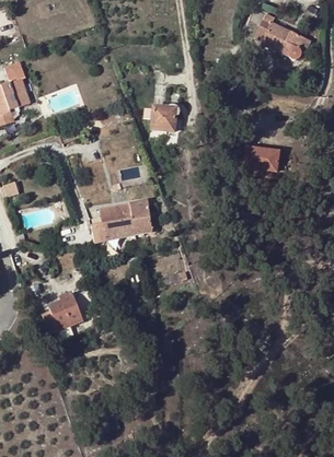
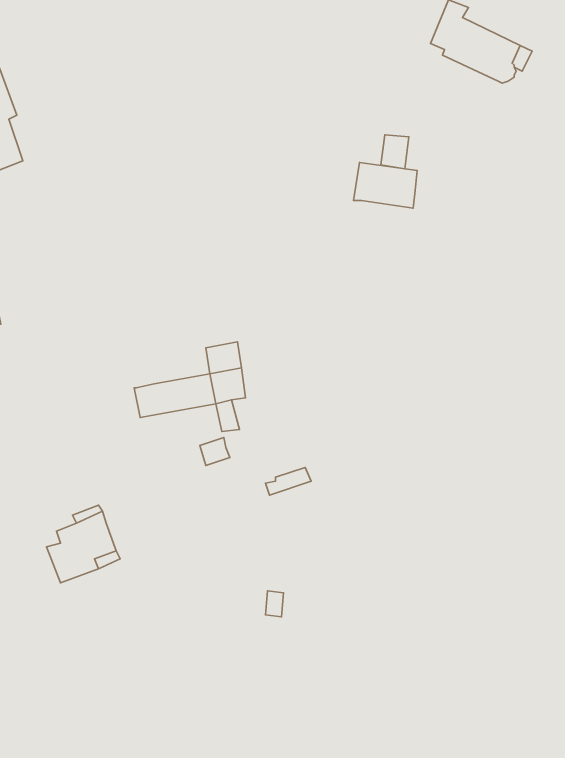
building: [146,104,176,131] -> none
building: [243,145,278,171] -> [354,163,417,208]
building: [99,203,133,223] -> none

